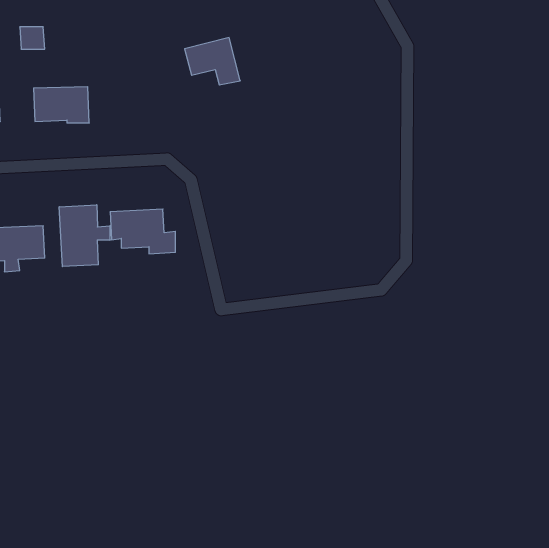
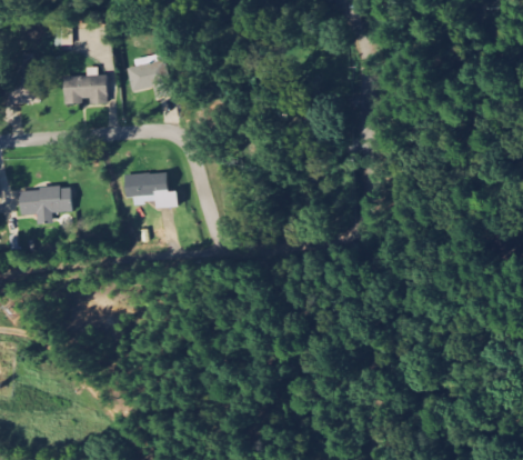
building: [185,38,240,85] -> [127,60,171,98]
building: [59,205,110,267] -> none

